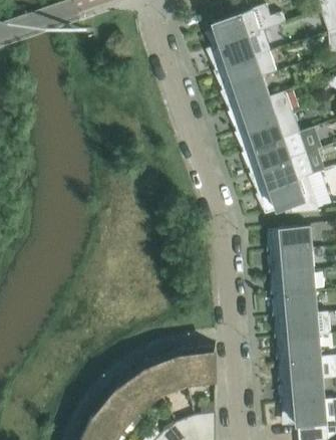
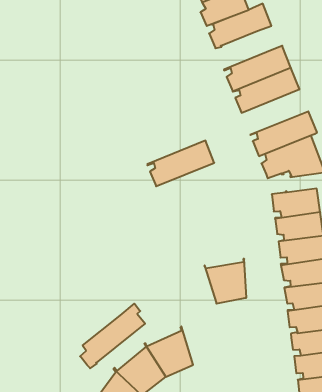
building: [226,78,271,113] -> none
building: [245,135,307,175] -> [147,141,214,186]
building: none -> [80,304,145,368]
building: [179,346,216,386] -> [205,259,246,304]

